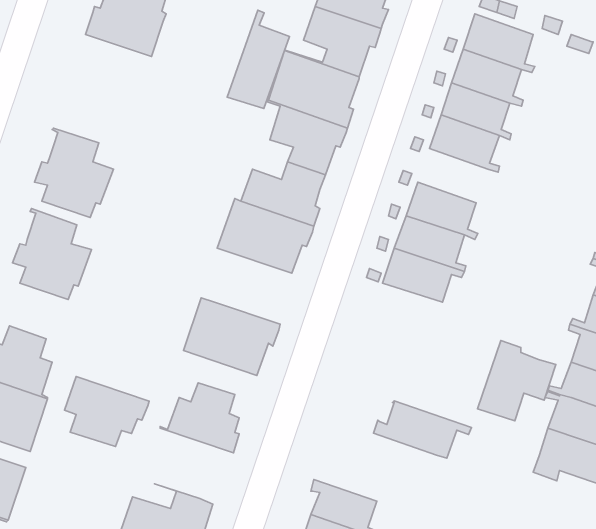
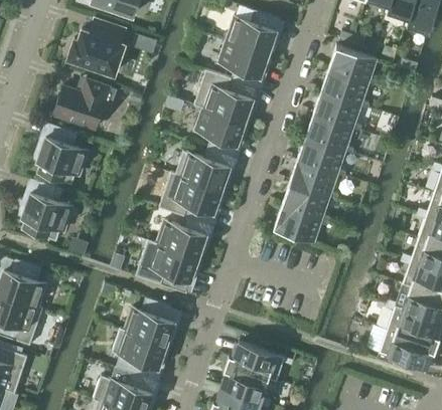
building: [227,10,290,109] -> none
building: none -> [53,79,117,130]
building: none -> [297,138,346,177]
building: none -> [157,206,210,258]
building: [478,340,556,421] -> none
building: [64,376,149,447] -> [112,330,170,378]
building: [374,401,472,458] -> [226,343,293,382]

